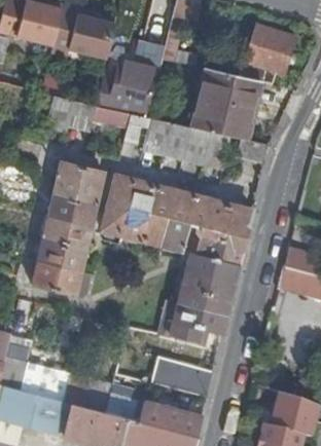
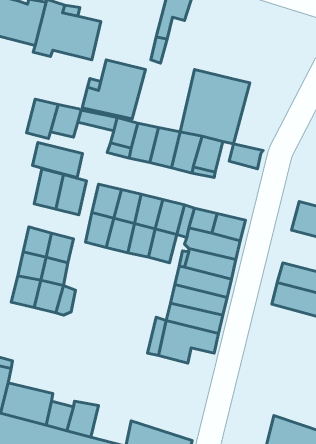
building: [240,25,295,82] -> none
building: [48,193,96,226] -> [32,142,82,177]
building: [150,355,210,395] -> none

